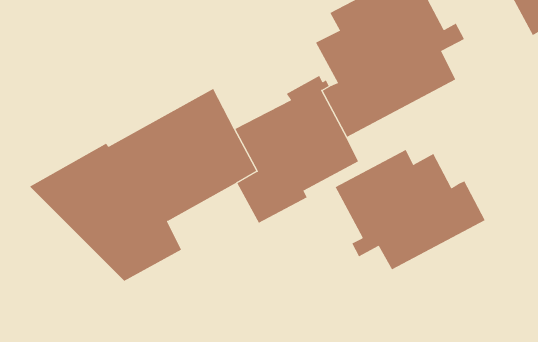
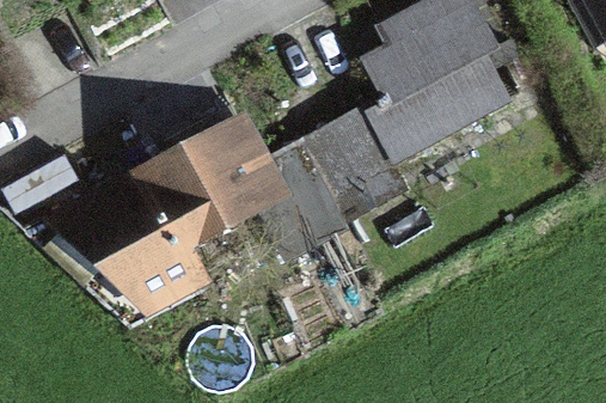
building: [335,149,485,270] -> none

